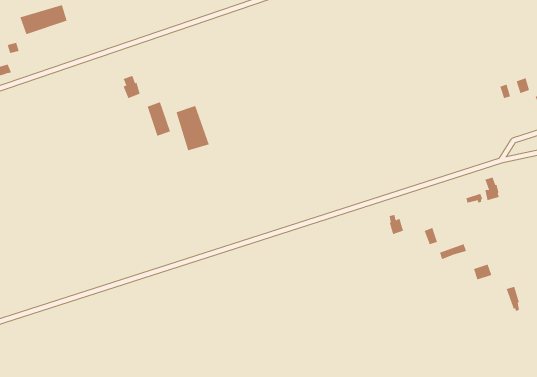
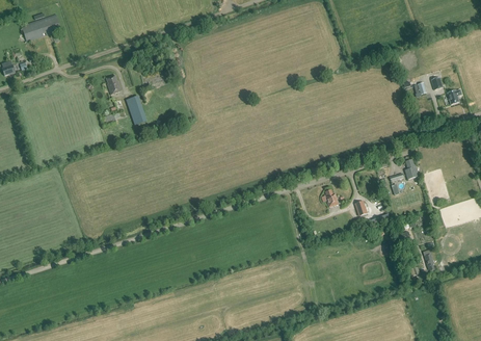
building: [176,105,209,151] -> none

